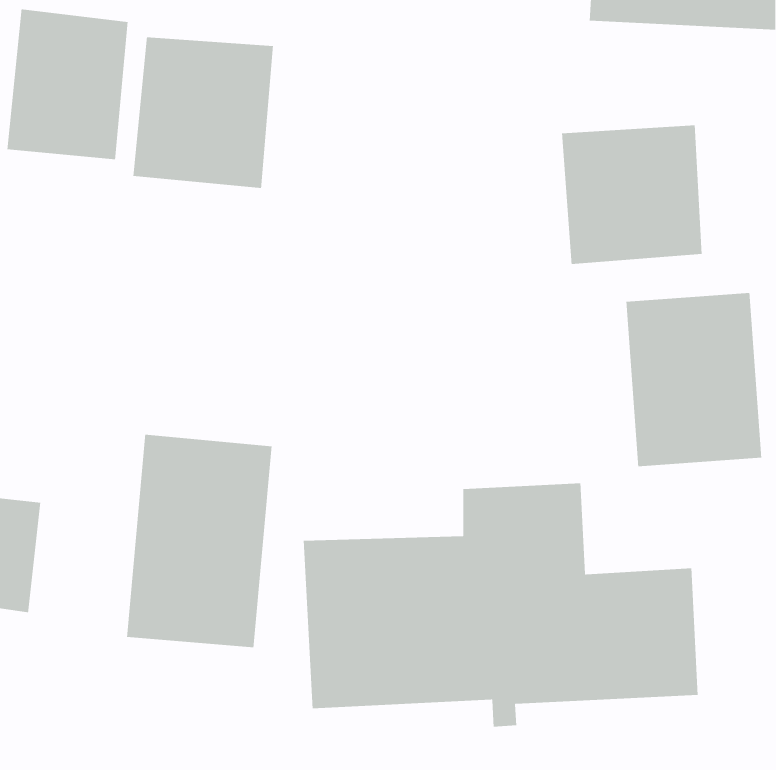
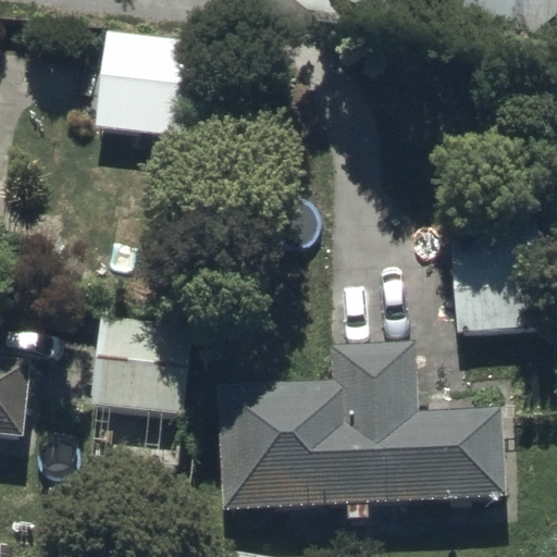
building: [6,8,129,160] -> none
building: [561,124,702,265] -> none

